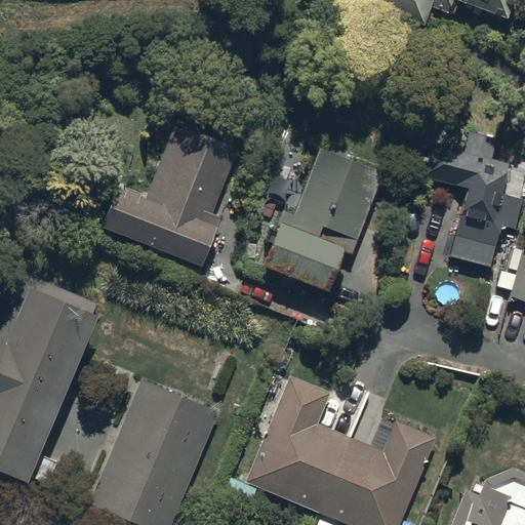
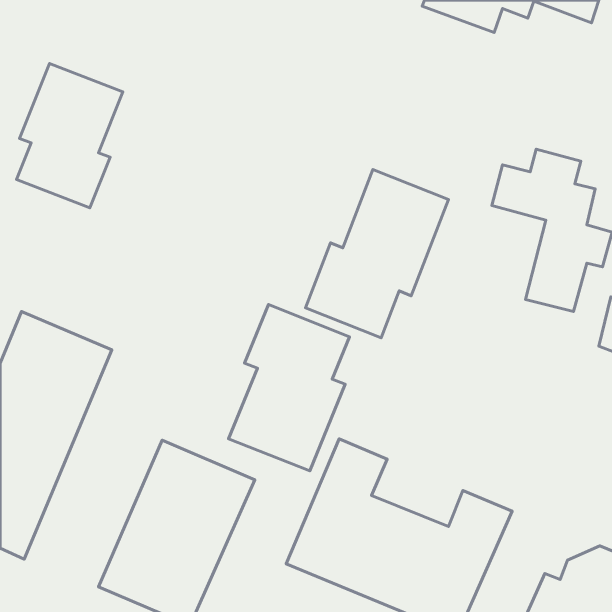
building: none -> [17,63,123,208]
building: [102,122,239,266] -> none
building: none -> [229,305,350,471]

